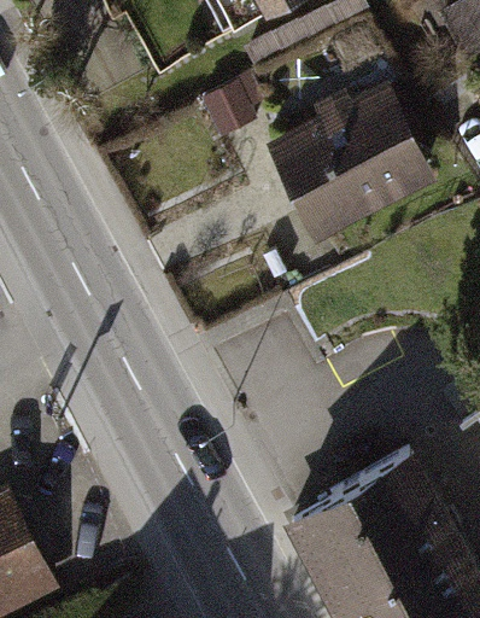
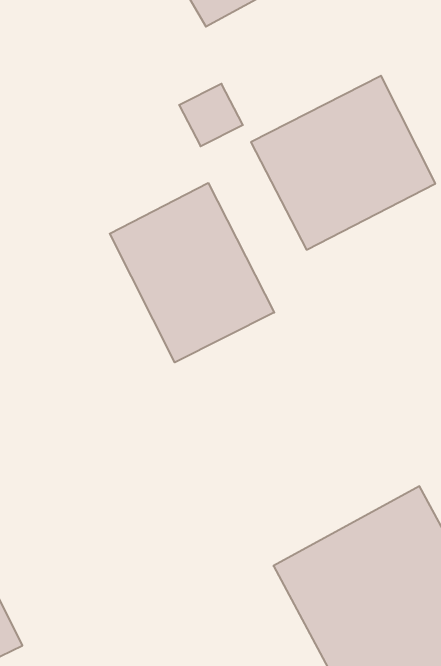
building: none -> [110,183,274,362]

